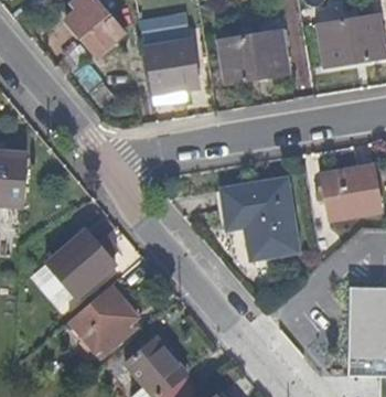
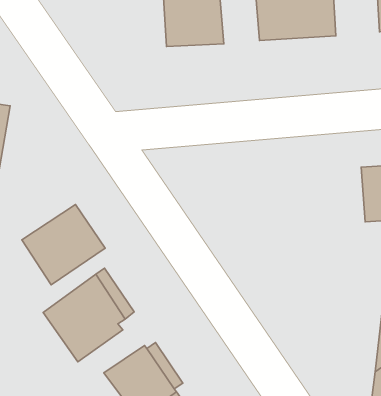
building: [221,181,296,260] -> none

